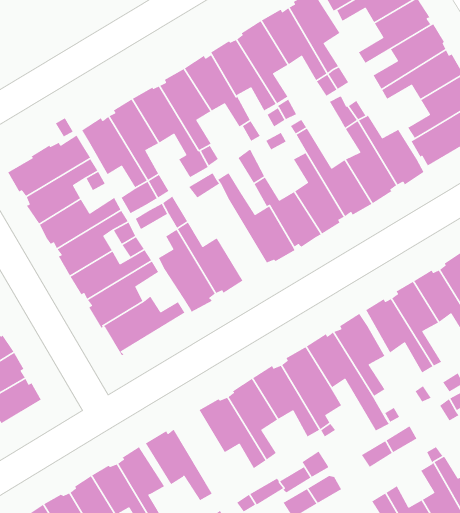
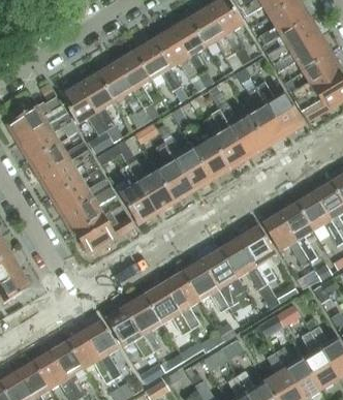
building: none -> [155,143,191,202]
building: none -> [125,294,161,353]

